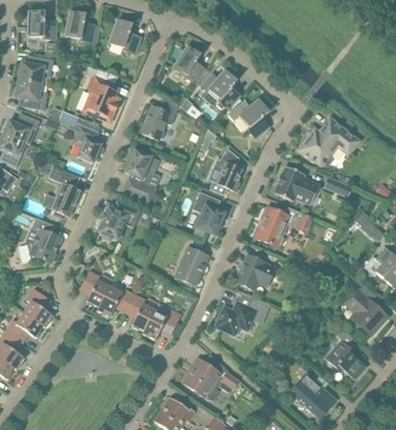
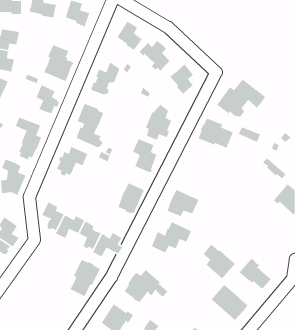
building: [254,206,312,247] -> none
building: [346,291,388,336] -> [202,243,236,280]
building: none -> [69,259,101,297]

